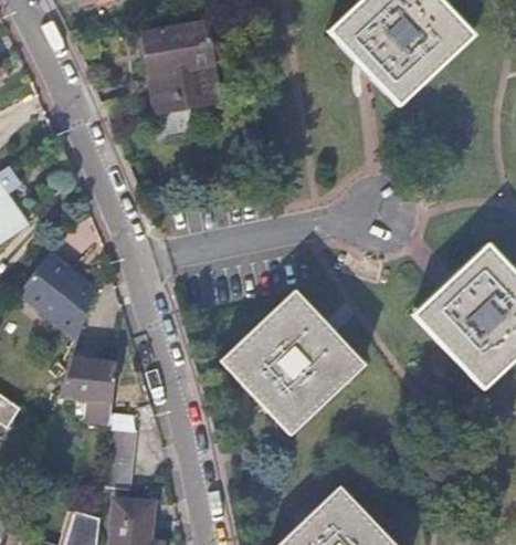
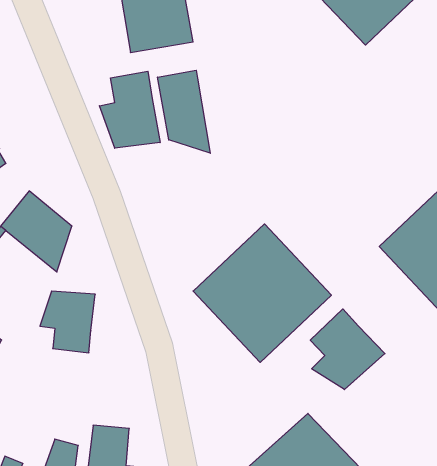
building: none -> [158,70,210,153]
building: none -> [99,71,160,148]
building: none -> [310,309,385,390]
building: [105,428,139,489] -> none

